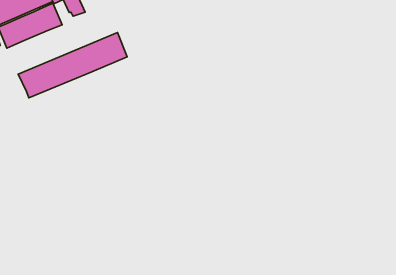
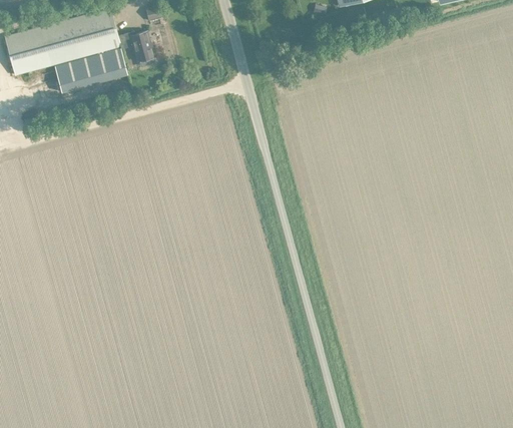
building: [18,32,127,98] -> none

